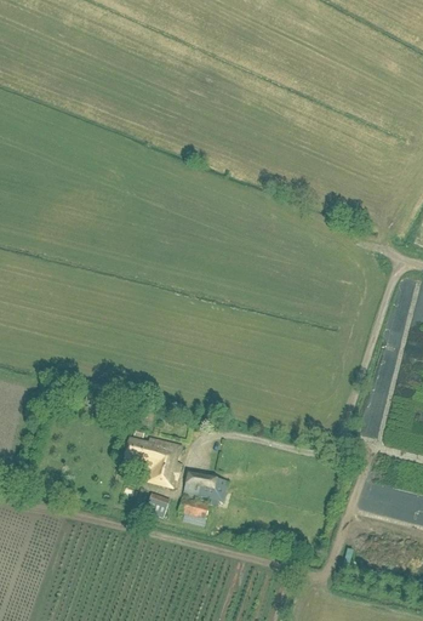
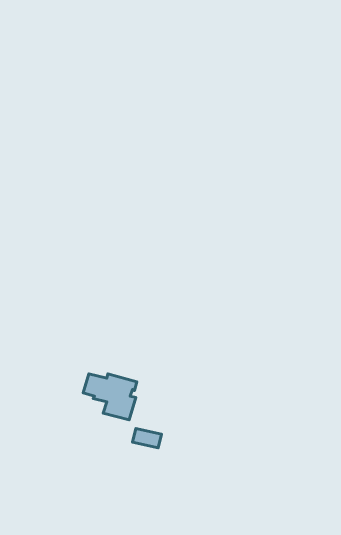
building: [184,472,230,501] -> none

